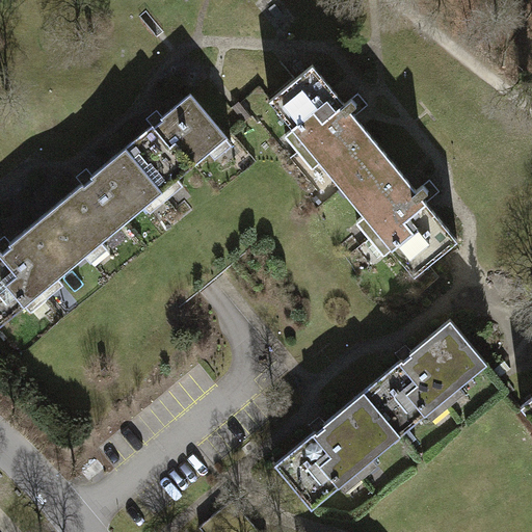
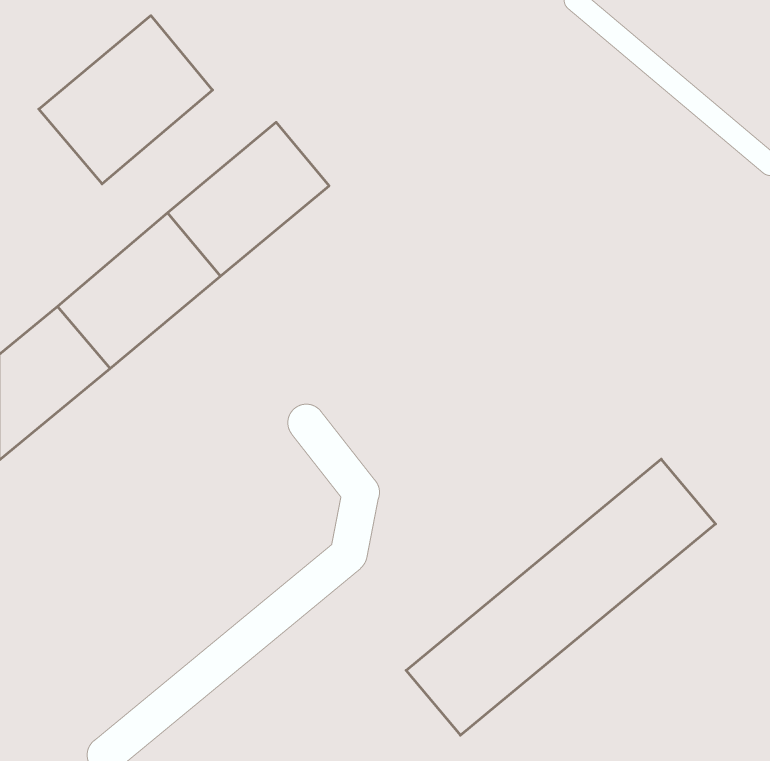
building: none -> [39,16,213,184]
building: [273,78,454,277] -> none

